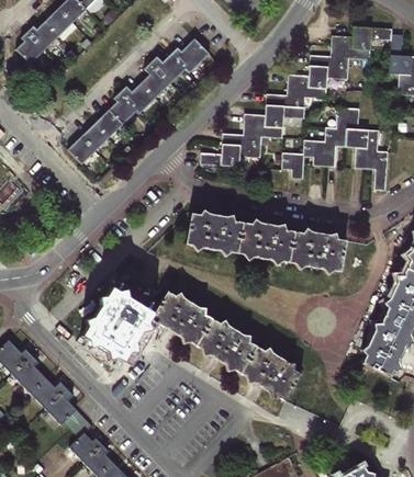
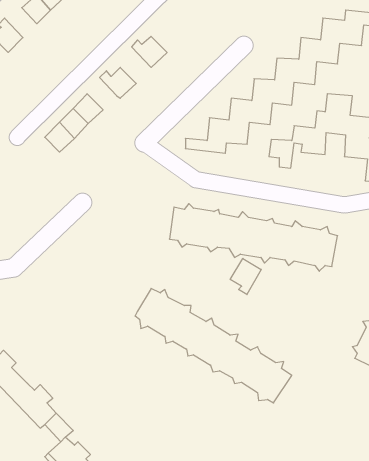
building: [29,23,59,52] -> none
building: [169,36,206,70] -> none
building: [139,60,169,95] -> none
building: [108,90,136,121] -> none
building: none -> [230,258,261,295]
building: [82,288,156,364] -> none

